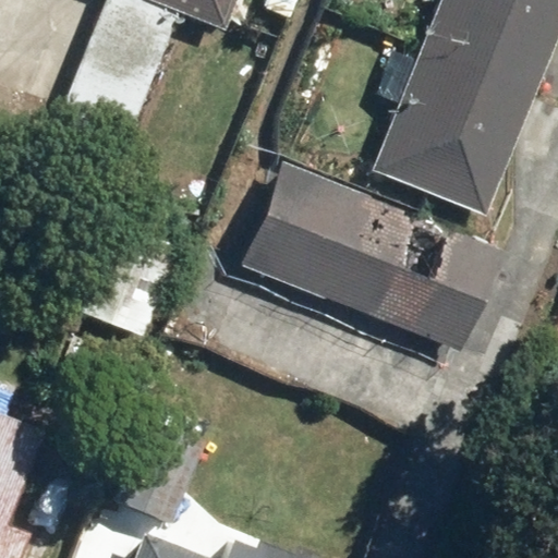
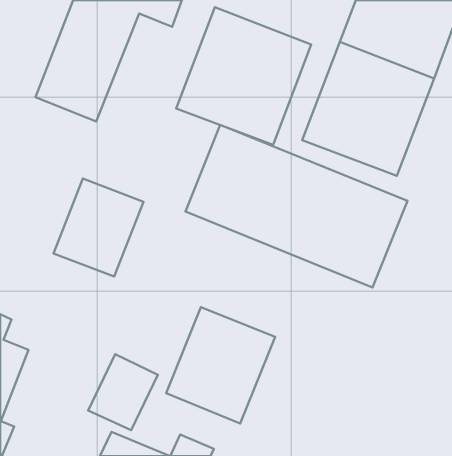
building: none -> [176,7,311,145]
building: none -> [166,307,275,424]

